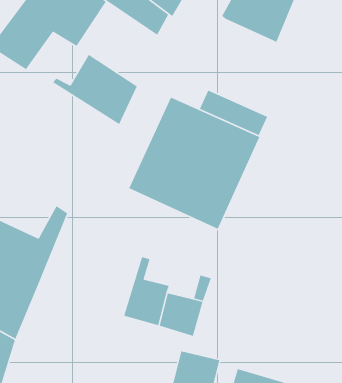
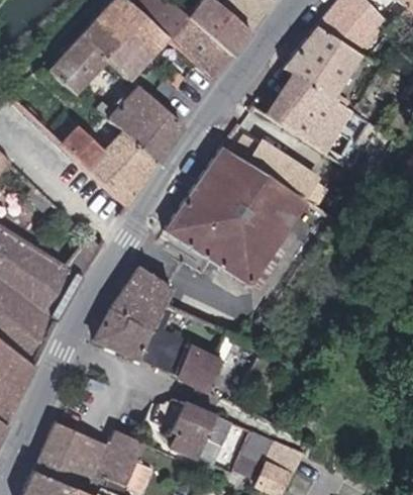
building: none -> [260,71,356,156]
building: none -> [66,127,165,209]
building: none -> [88,266,173,363]
building: none -> [161,396,196,433]

